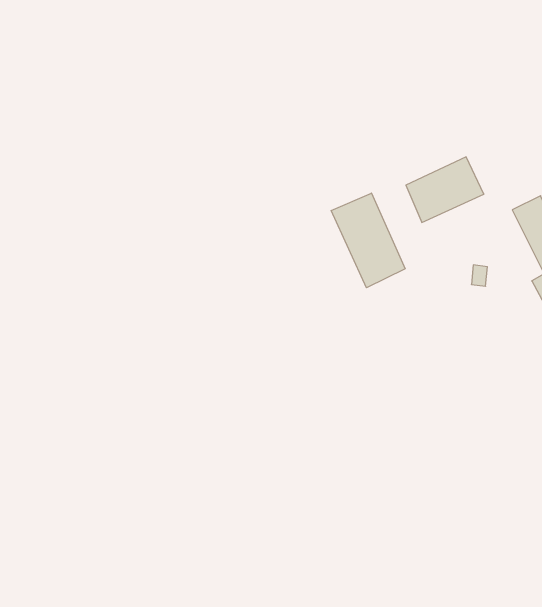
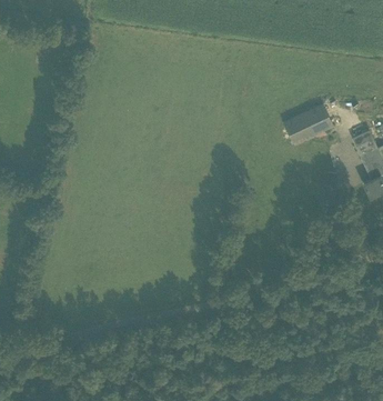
building: [331,193,405,288] -> none

